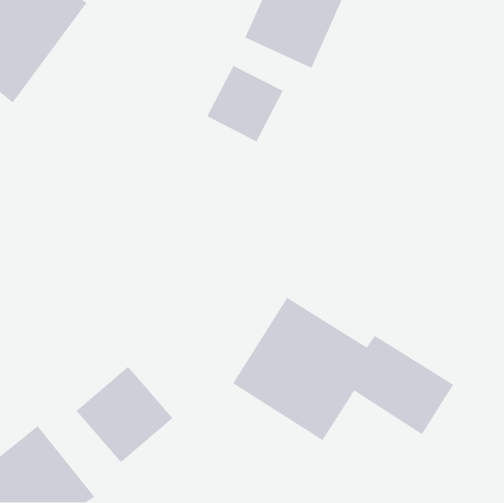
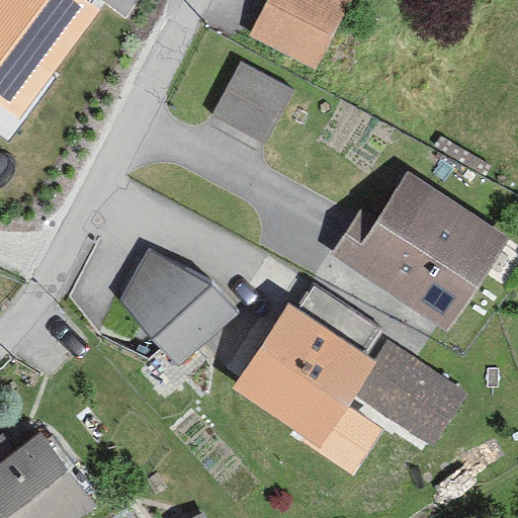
building: none -> [328,176,505,329]
building: none -> [117,252,239,364]
building: [75,366,173,463] -> none

